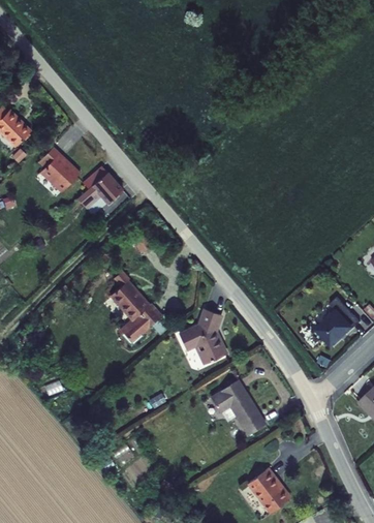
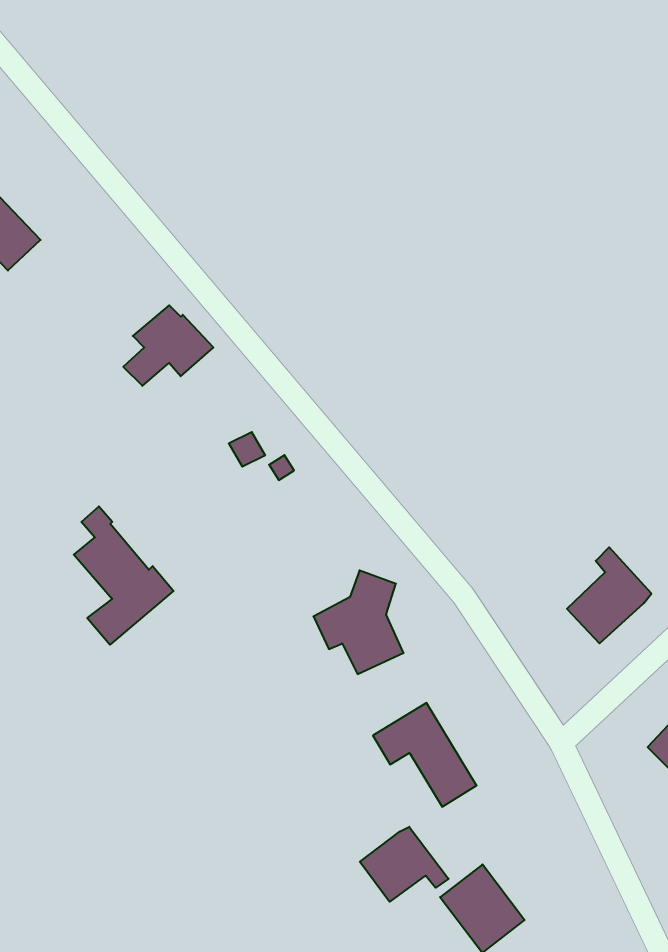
building: [37,146,79,191] -> none
building: [108,270,162,344] -> [74,506,174,645]
building: none -> [360,827,449,902]

